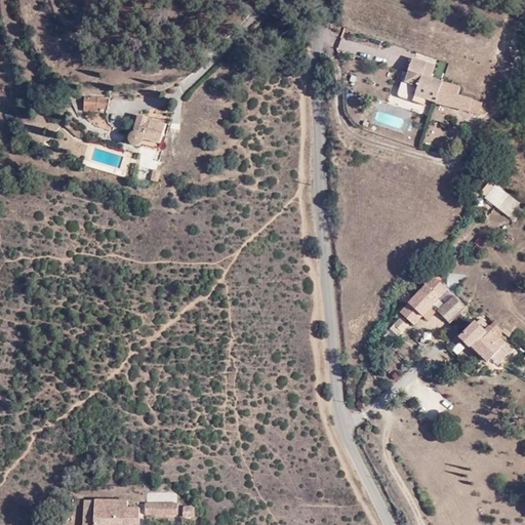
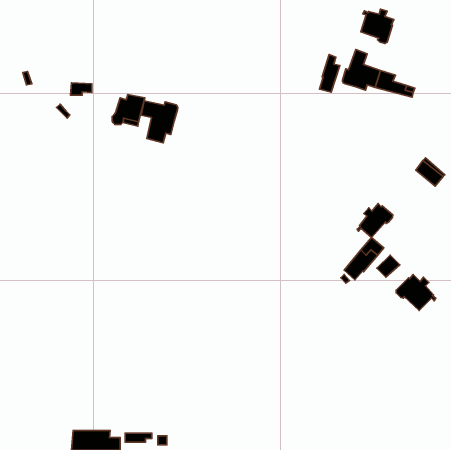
building: none -> [361,9,394,44]
building: none -> [320,54,340,92]
building: none -> [141,101,178,143]
building: none -> [357,203,393,237]

